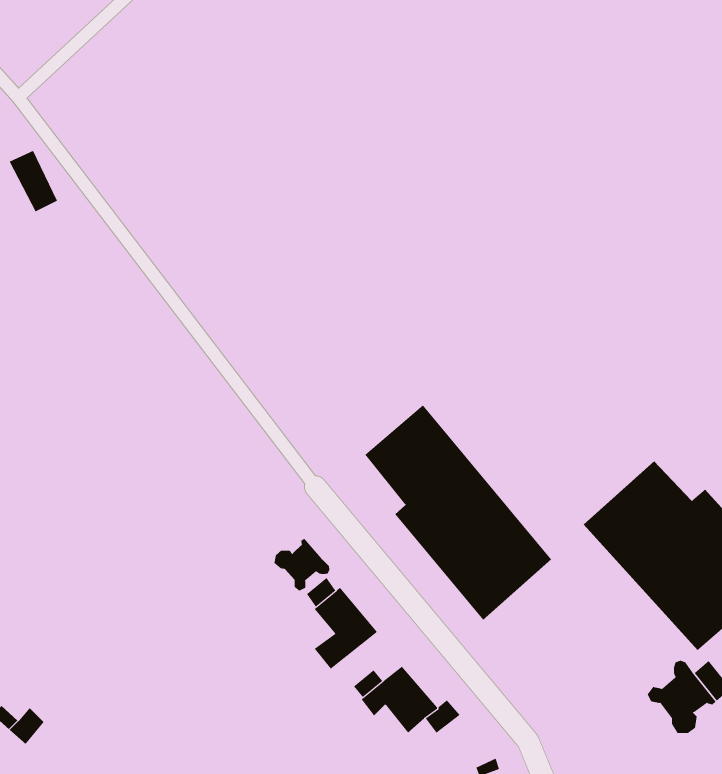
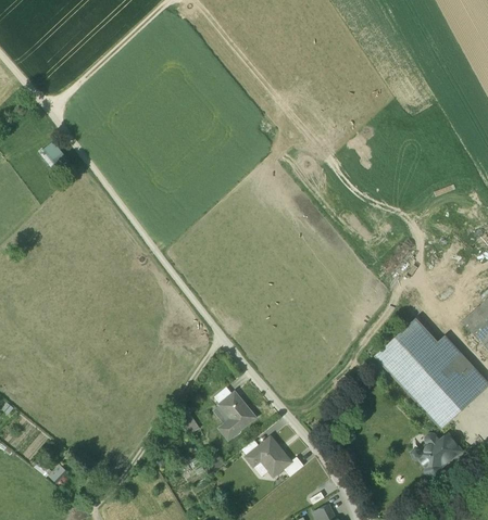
building: [364,405,552,621] -> none
building: [274,538,330,591] -> none

